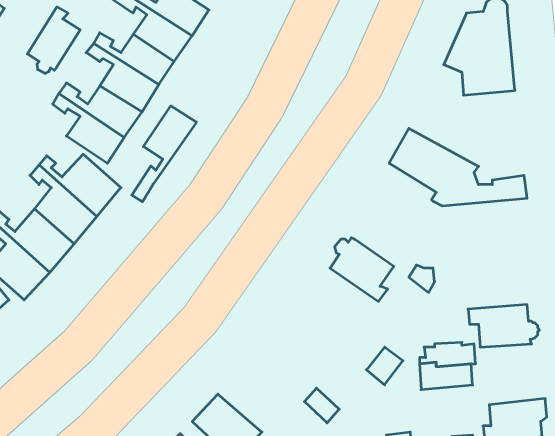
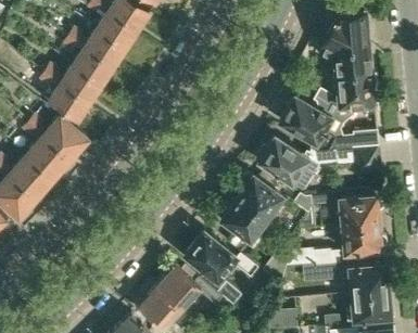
building: [27,7,80,73] -> none
building: none -> [331,69,373,114]
building: [132,106,196,202] -> none
building: none -> [257,137,381,191]
building: none -> [221,196,273,240]
building: none -> [337,196,383,226]
building: none -> [186,231,258,279]
building: none -> [157,265,224,308]
building: none -> [344,265,392,294]

